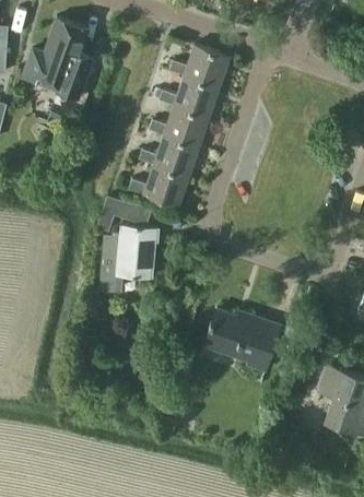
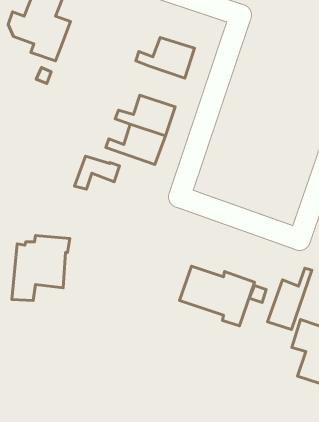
building: [168,46,230,87] -> none
building: [149,106,209,147] -> none
building: [98,226,157,293] -> [12,235,70,301]
building: none -> [268,268,312,329]

